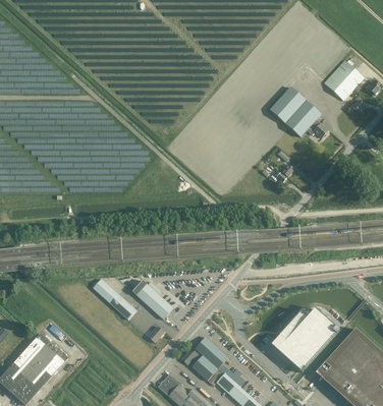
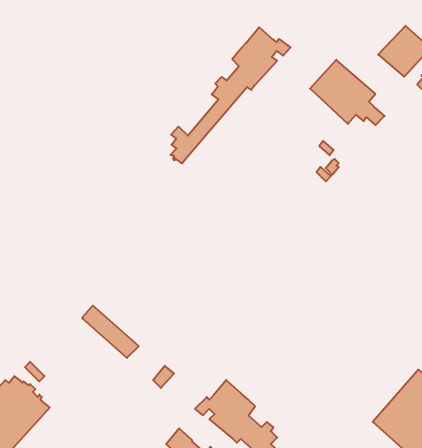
building: none -> [170,27,291,163]
building: [131,280,173,320] -> none
building: [269,310,337,373] -> none

